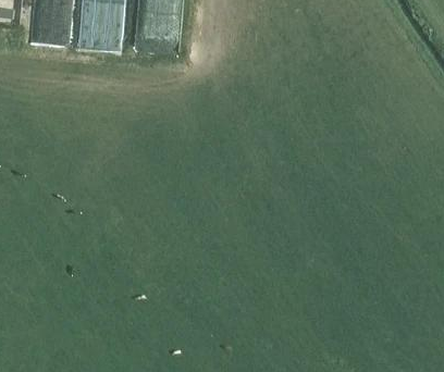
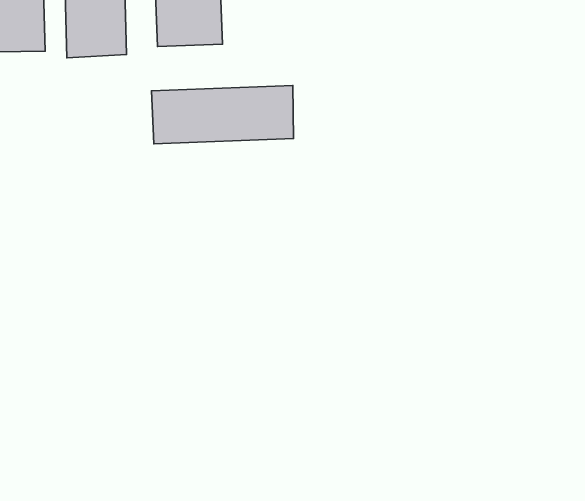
building: none -> [151,85,294,144]

